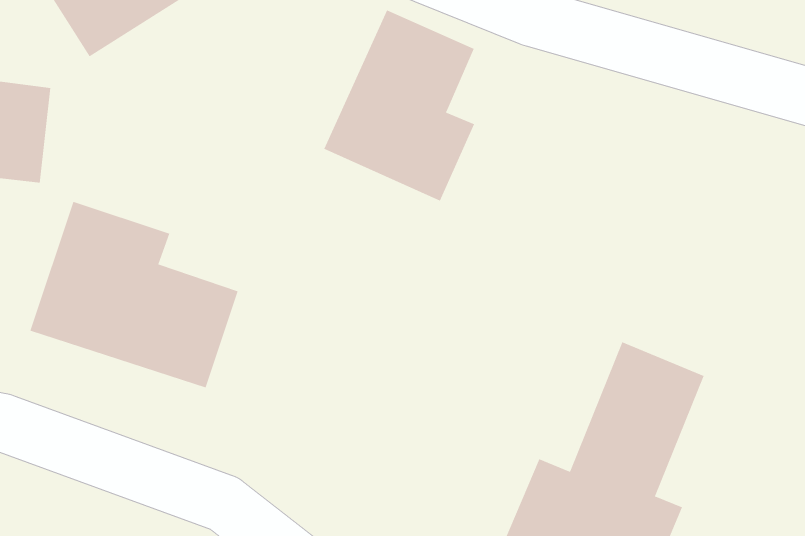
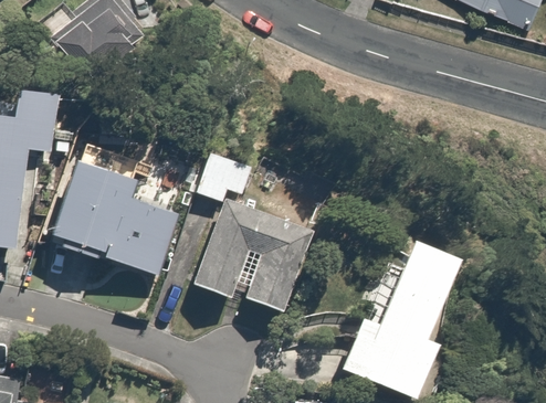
building: [323,10,475,201] -> none
building: none -> [187,147,314,315]

